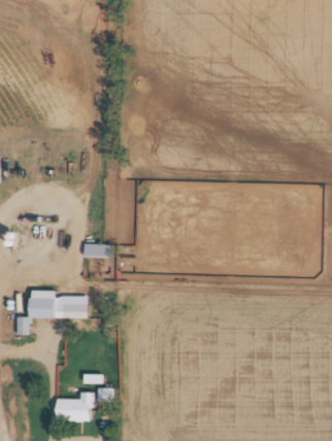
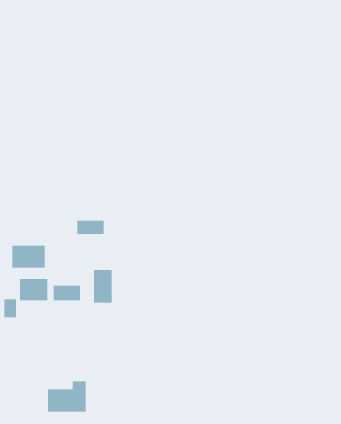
building: none -> [12,245,45,269]
building: none -> [94,269,112,303]

